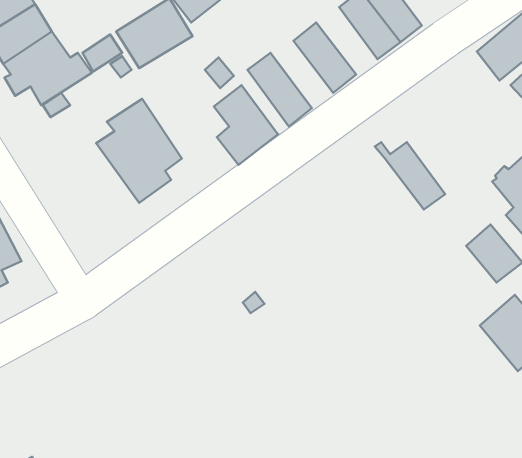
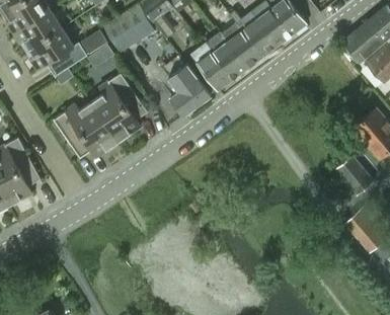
building: none -> [206,32,247,79]
building: [375,142,445,209] -> [230,12,277,57]
building: none -> [53,102,119,159]

